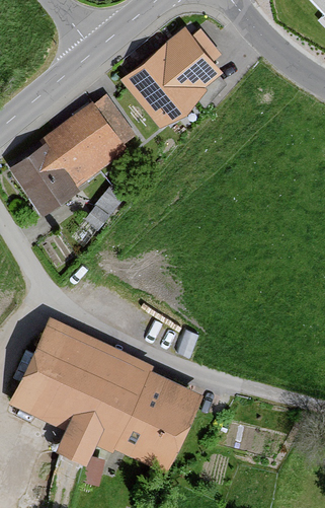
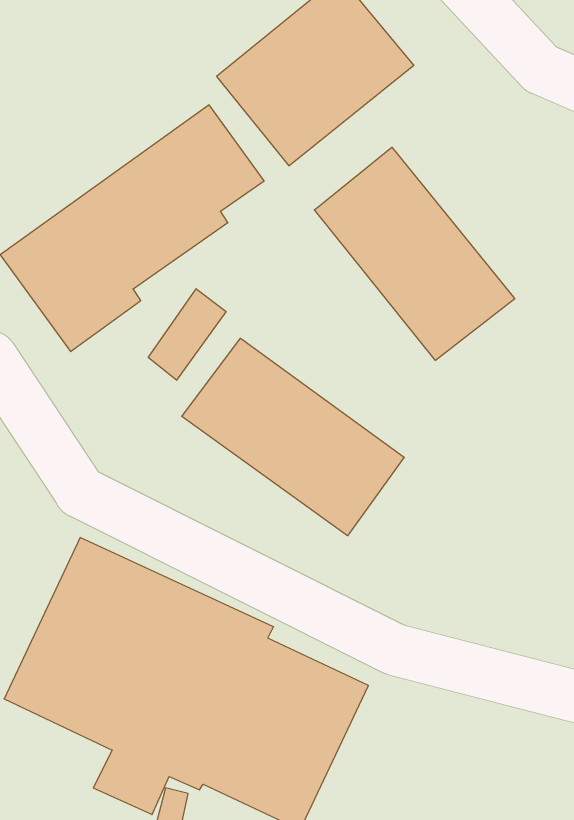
building: none -> [314,147,515,360]
building: none -> [182,338,404,536]

